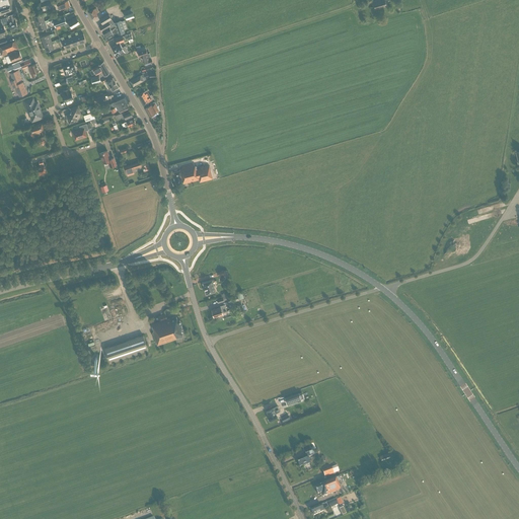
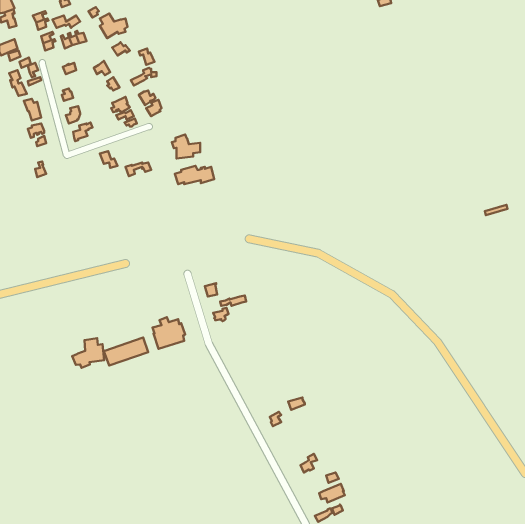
building: none -> [172,134,200,158]
building: none -> [72,338,104,368]

